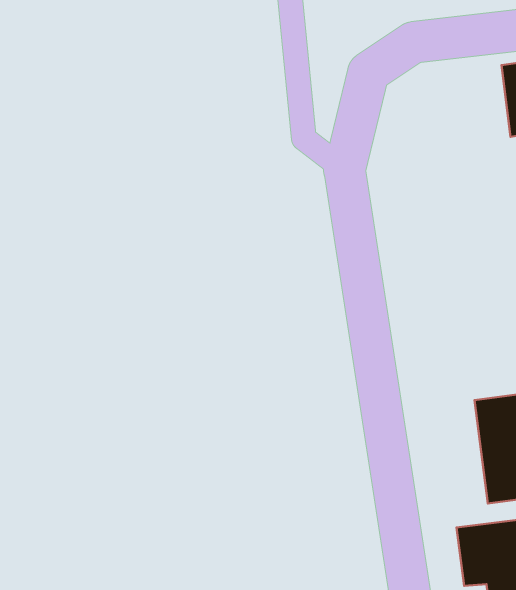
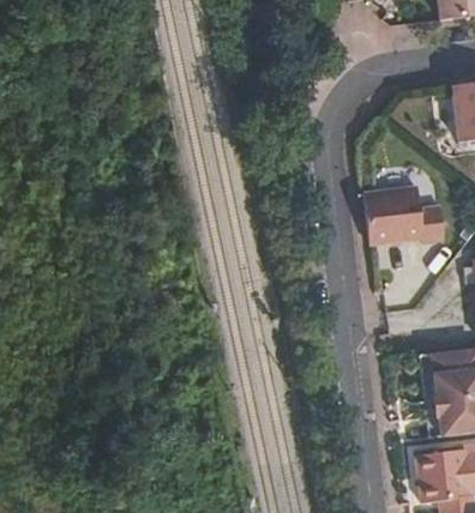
building: none -> [363,186,423,243]

